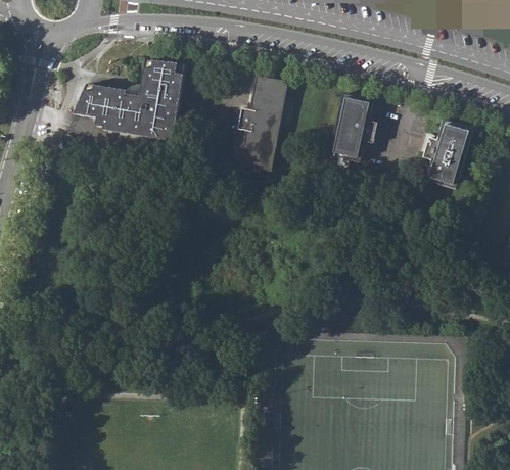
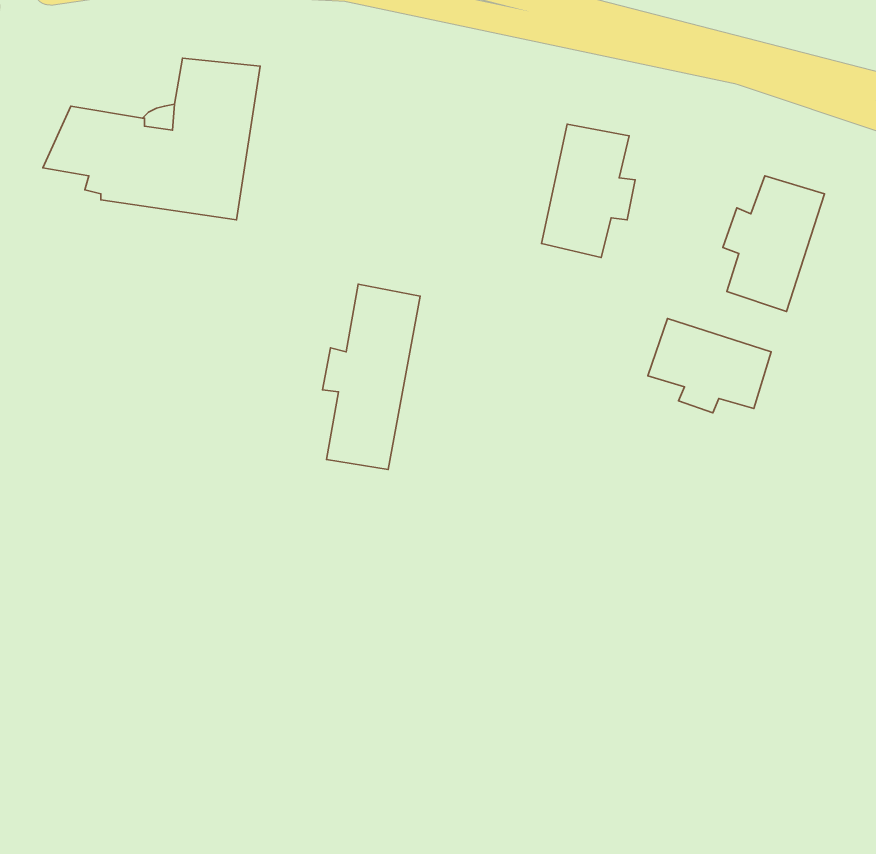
building: [238,75,288,170] -> [322,284,420,470]
building: none -> [648,318,771,413]

